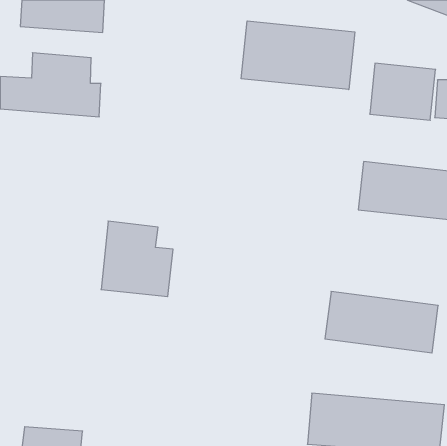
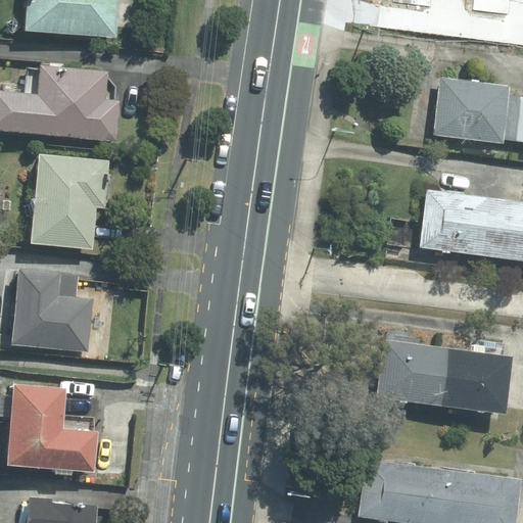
building: [241,21,355,90] -> none
building: none -> [30,151,112,250]
building: [101,221,173,297] -> [11,267,95,354]
building: none -> [7,383,97,470]

